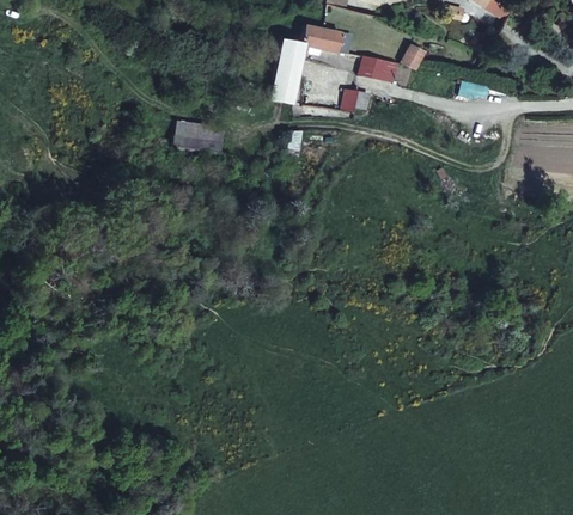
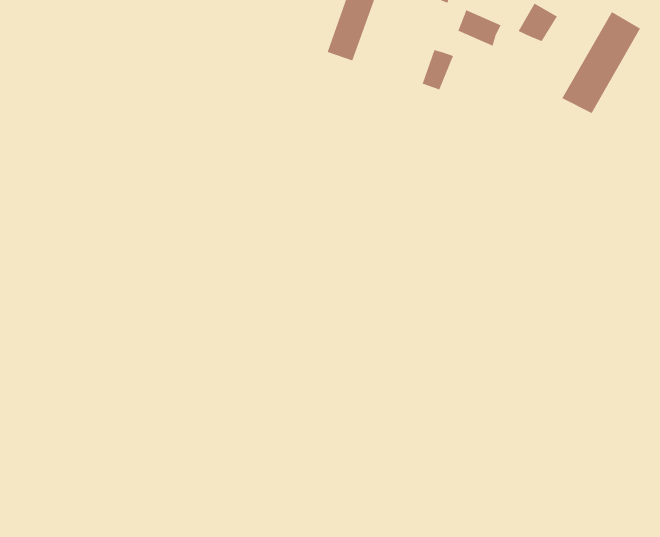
building: none -> [562,11,641,114]
building: [163,129,219,158] -> none

